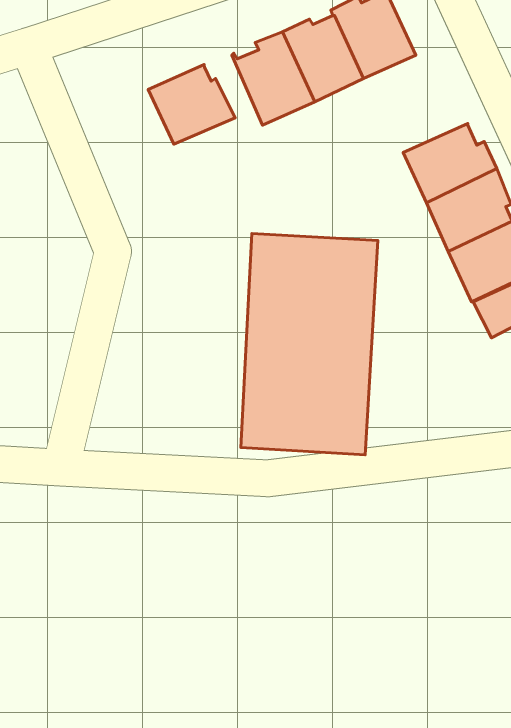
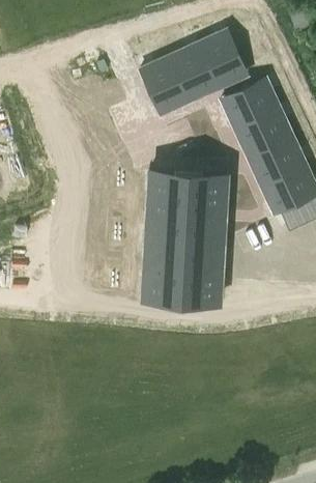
building: [148,64,235,144] -> none
building: none -> [224,80,278,127]

